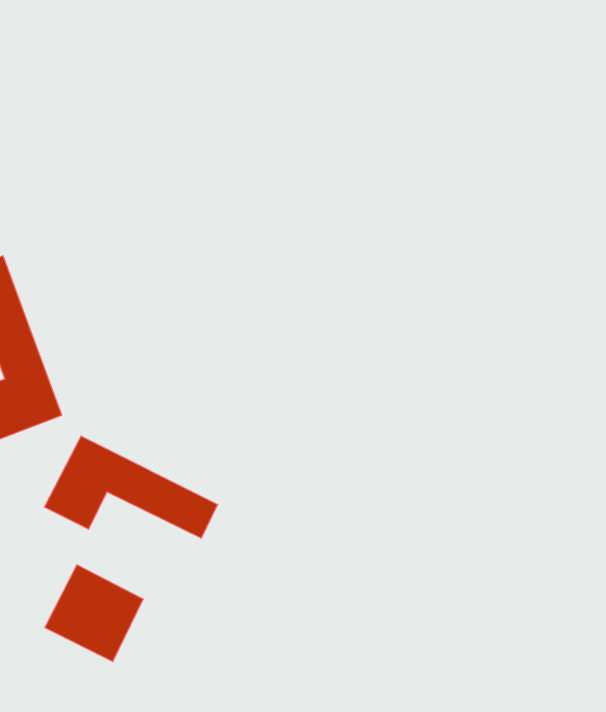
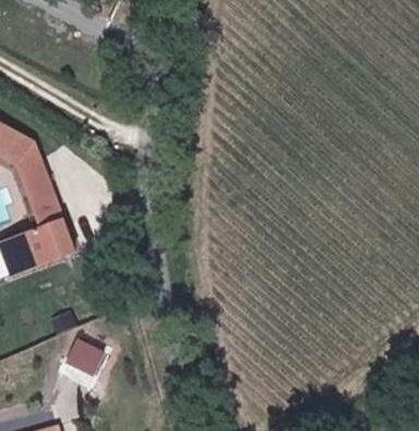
building: [45,436,218,538] -> none

